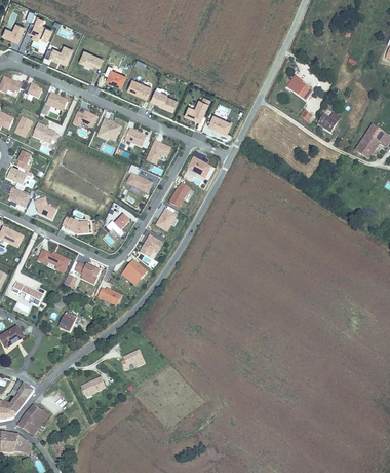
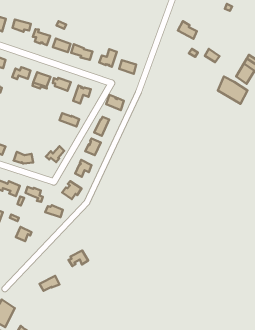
building: none -> [218,77,248,104]

